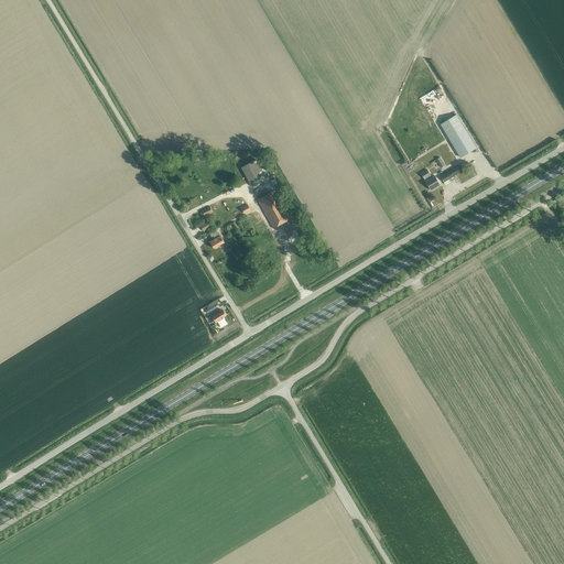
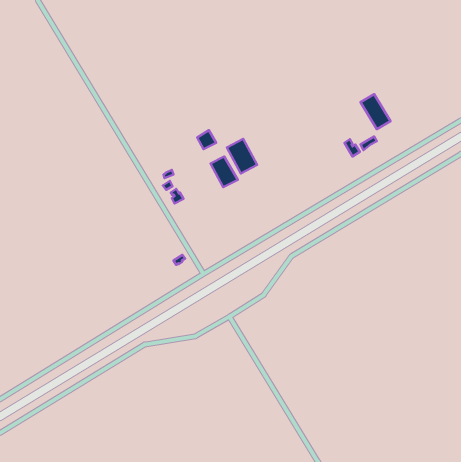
building: none -> [227,139,257,174]

